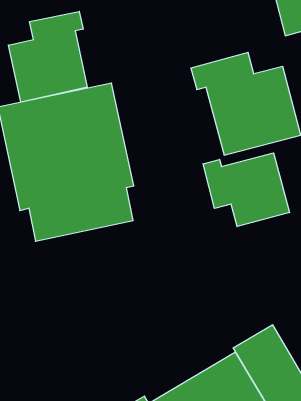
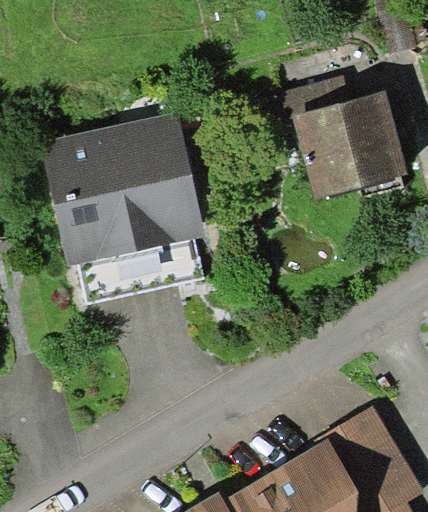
building: [8,11,87,102] -> none
building: [203,153,290,227] -> none

